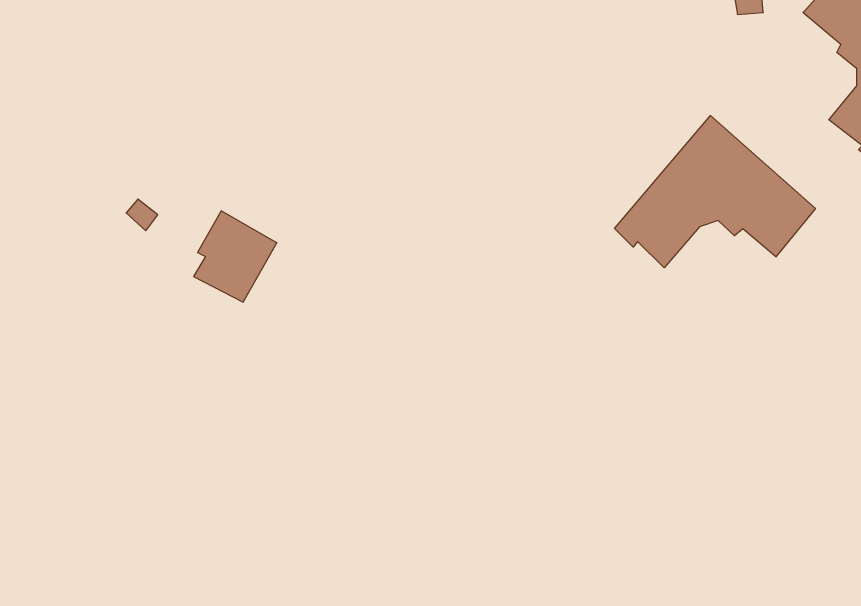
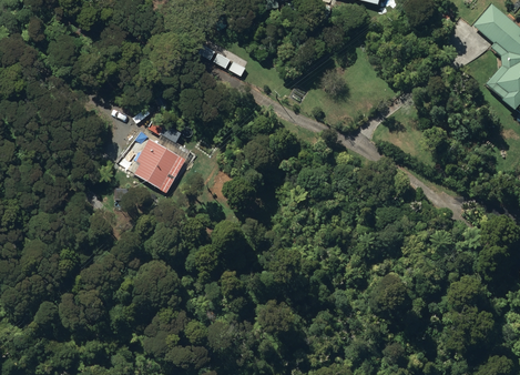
building: [615,116,815,268] -> none

